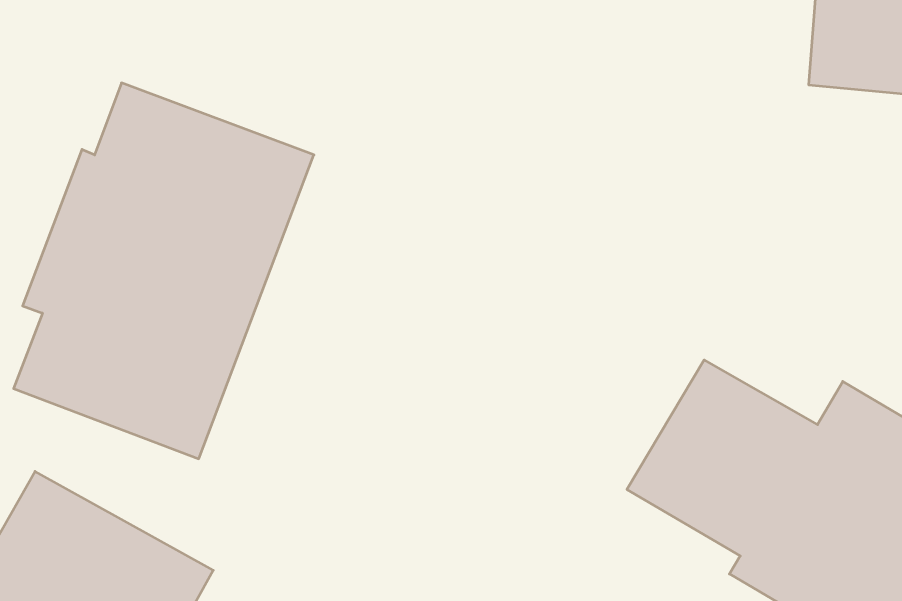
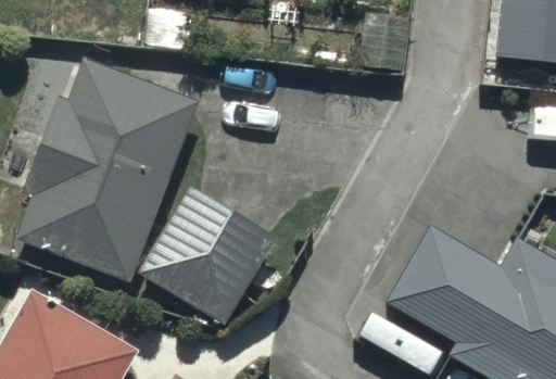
building: none -> [138,186,278,326]

